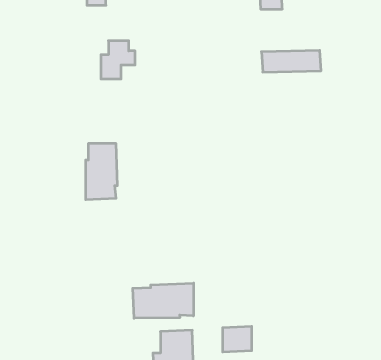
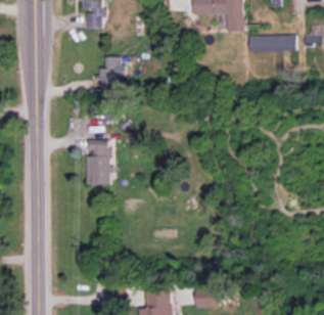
building: [261,50,321,72] -> [248,35,296,52]
building: [133,283,194,318] -> none

